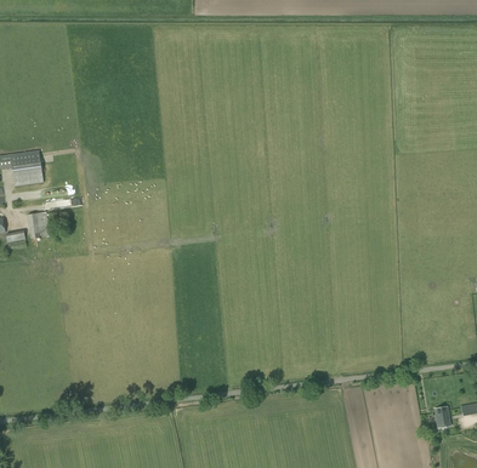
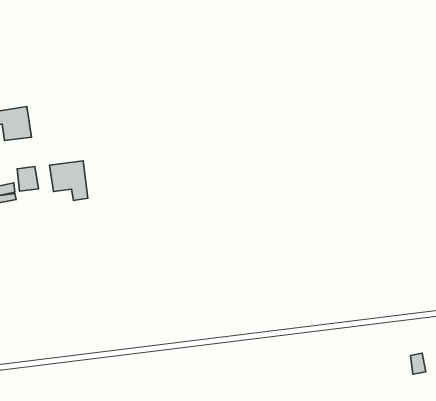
building: none -> [49,161,88,201]

